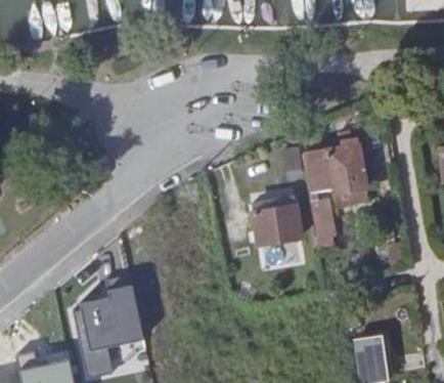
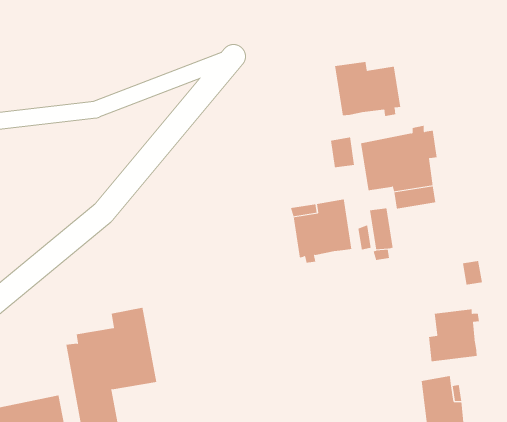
building: none -> [334,61,401,117]
building: none -> [428,308,480,362]

